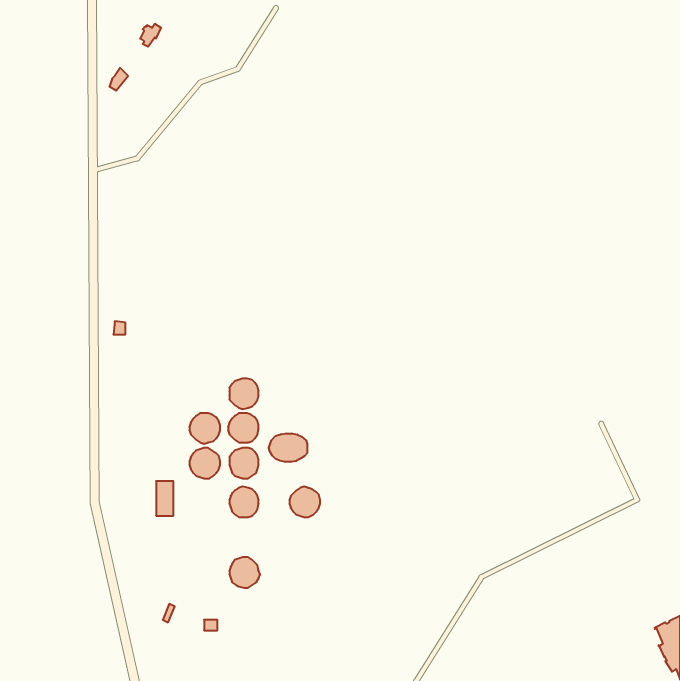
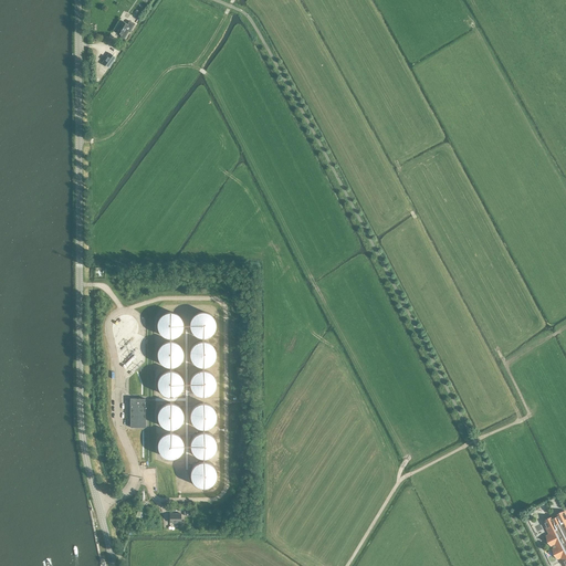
building: none -> [157,314,182,339]
building: [269,433,307,462] -> none
building: [289,487,320,517] -> [190,433,216,459]
building: none -> [158,405,182,429]
building: none -> [157,433,181,459]

